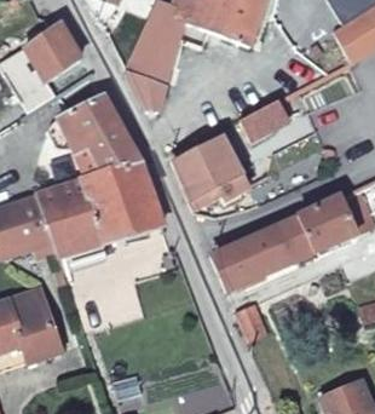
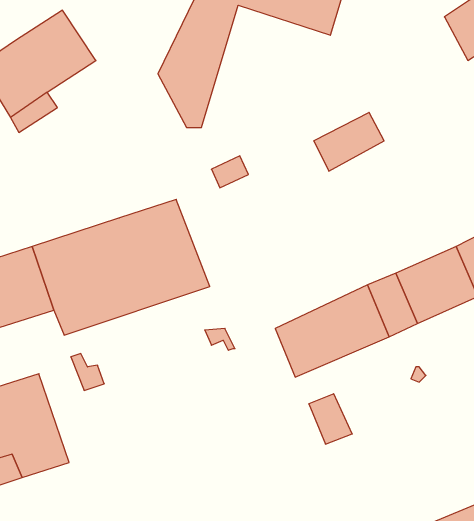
building: [58,97,140,176] -> none
building: [173,137,250,211] -> none

